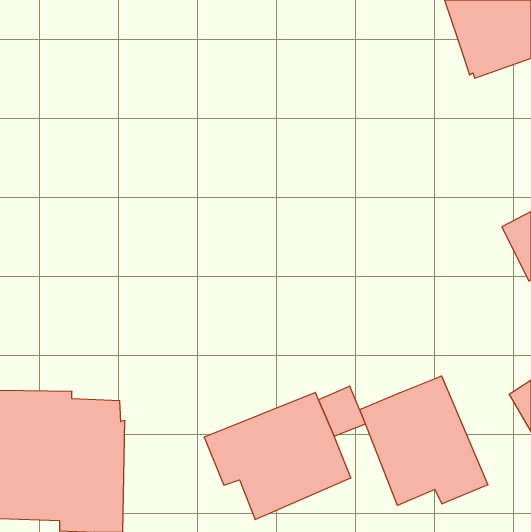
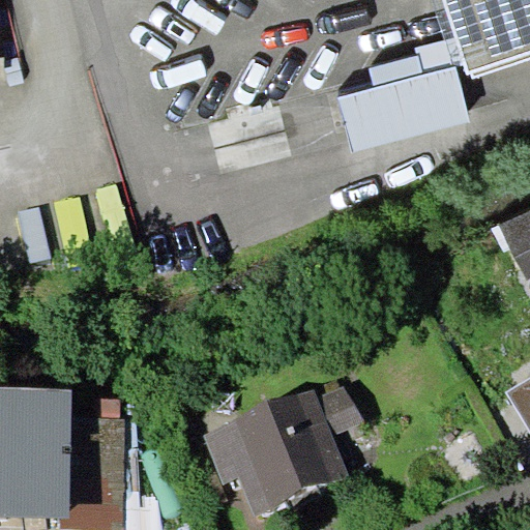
building: none -> [338,37,469,150]
building: [360,376,488,505] -> none

